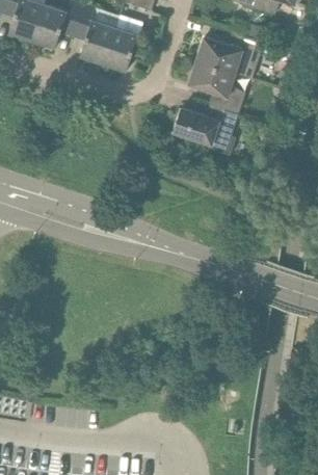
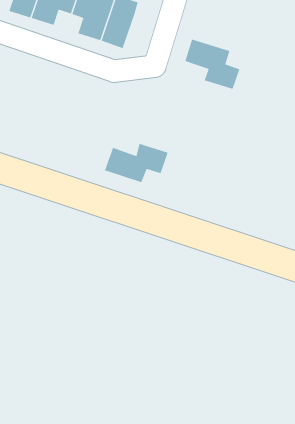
building: [196,33,262,74] -> none
building: [174,104,239,144] -> [104,143,168,183]

